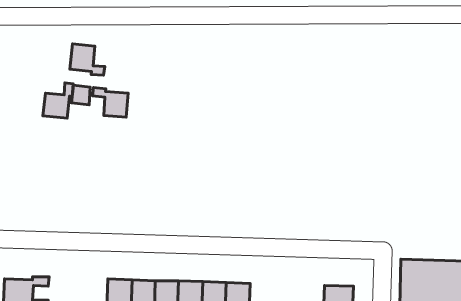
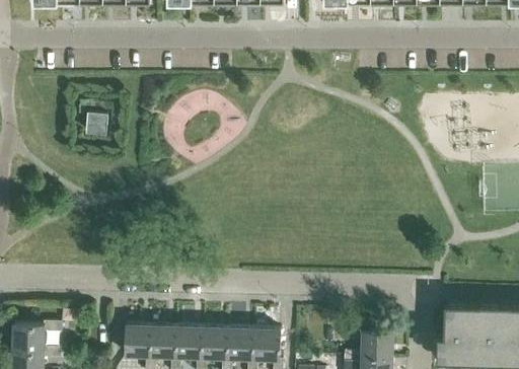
building: [70,44,105,75] -> none
building: [43,83,73,118] -> none
building: [93,88,128,117] -> none

